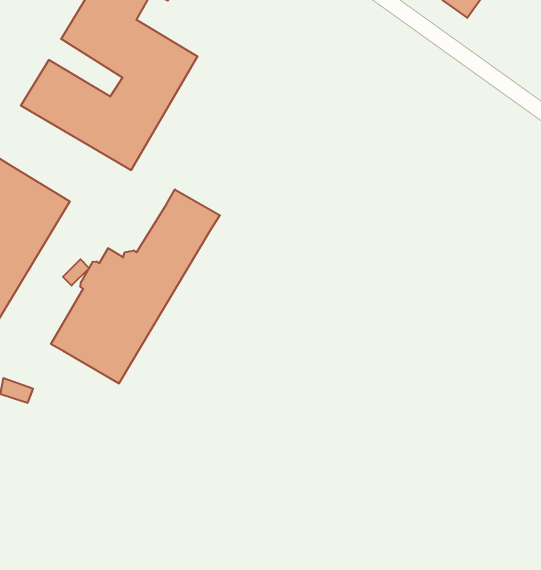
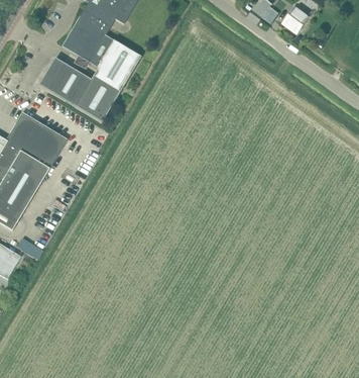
building: [51,189,220,384] -> none

